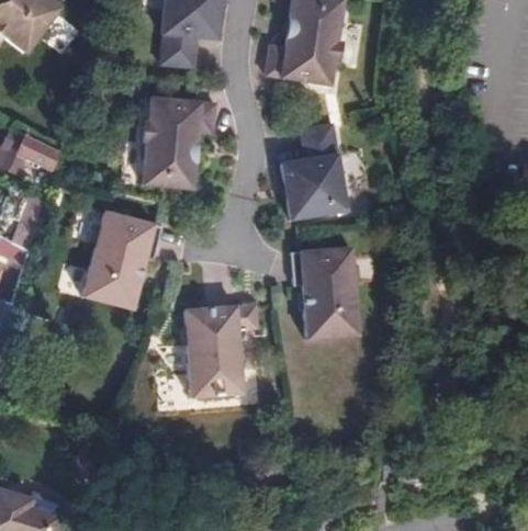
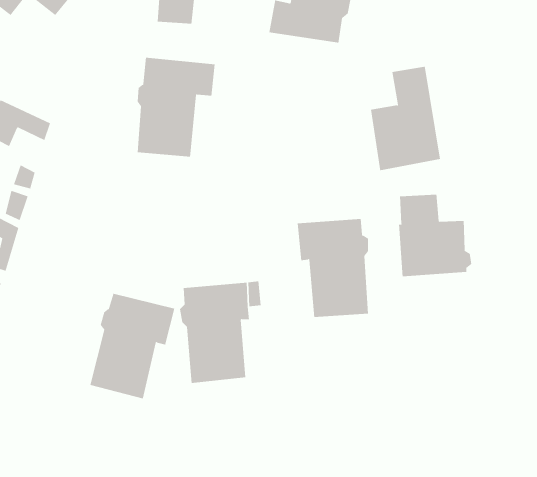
building: [281,120,347,217] -> [370,66,441,171]
building: [82,211,162,309] -> [89,293,175,399]
building: none -> [398,194,472,277]

